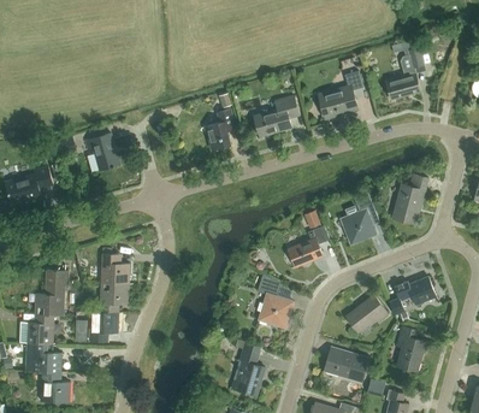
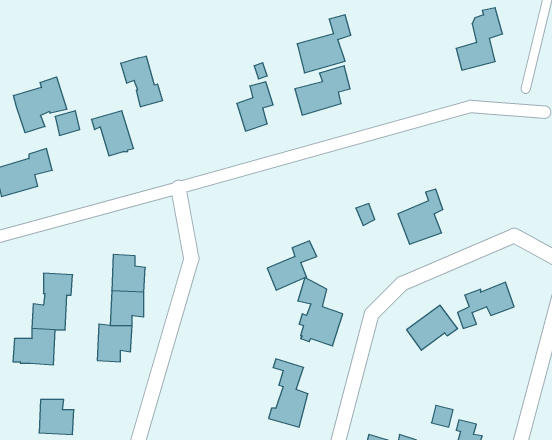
building: [318,71,362,119] -> [297,15,351,73]
building: none -> [121,56,162,107]
building: none -> [13,77,67,133]
building: [391,173,428,225] -> none
building: [288,226,329,267] -> [267,241,317,290]
building: [396,325,425,371] -> none
building: [32,343,61,373] -> none
building: [324,347,367,380] -> none

